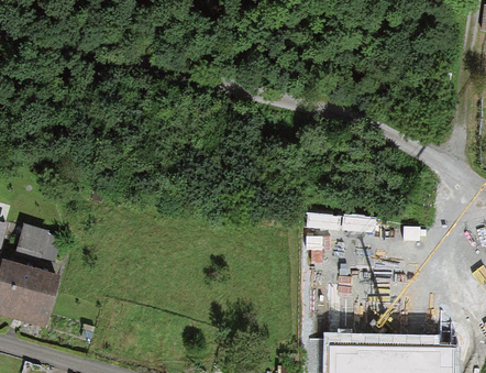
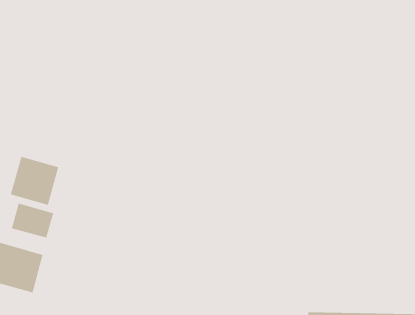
building: none -> [10,156,59,206]

